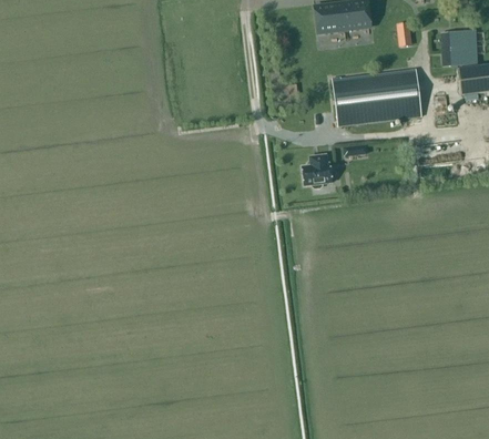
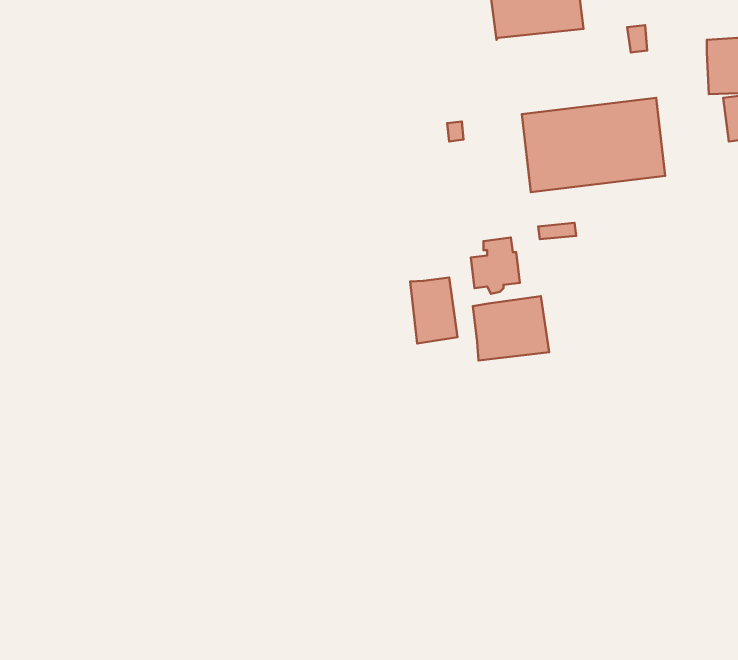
building: none -> [410,278,457,343]
building: none -> [473,296,549,361]

